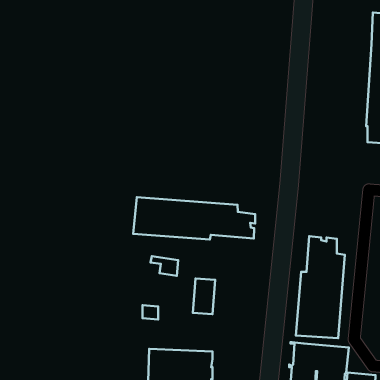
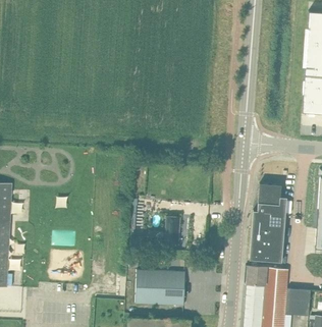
building: [133,197,255,240] -> none

